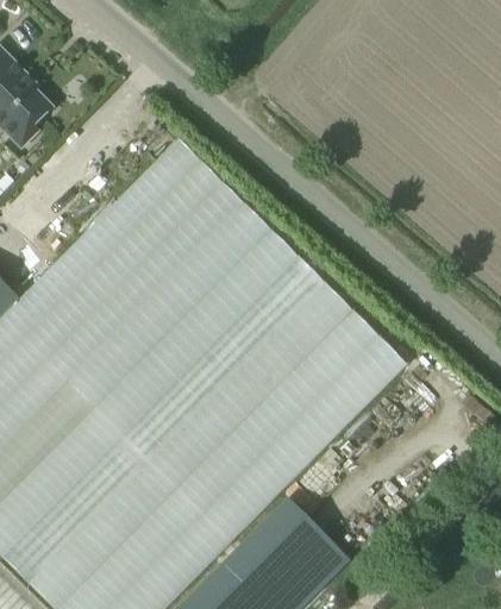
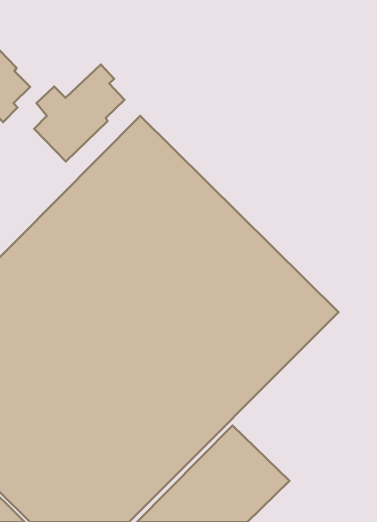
building: none -> [34,64,125,161]

